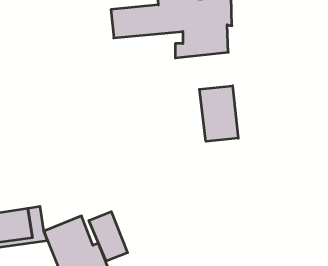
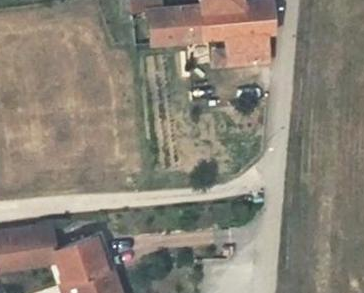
building: [199,86,238,141] -> none
building: [89,212,128,261] -> none

